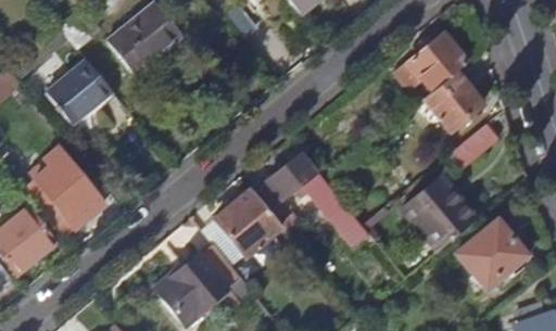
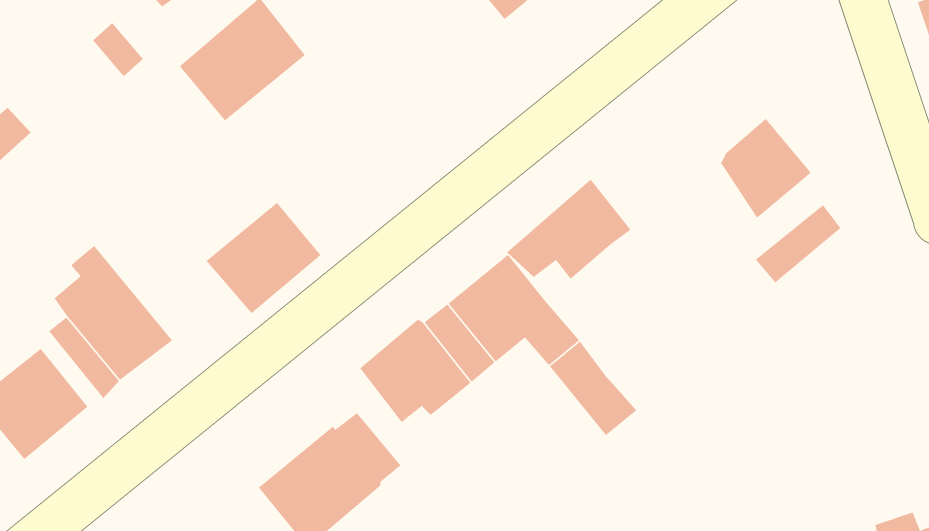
building: [393,31,467,91] -> [506,178,631,280]
building: [43,59,112,125] -> [205,202,321,314]
building: [403,174,476,251] -> none
building: [456,217,529,289] -> none

